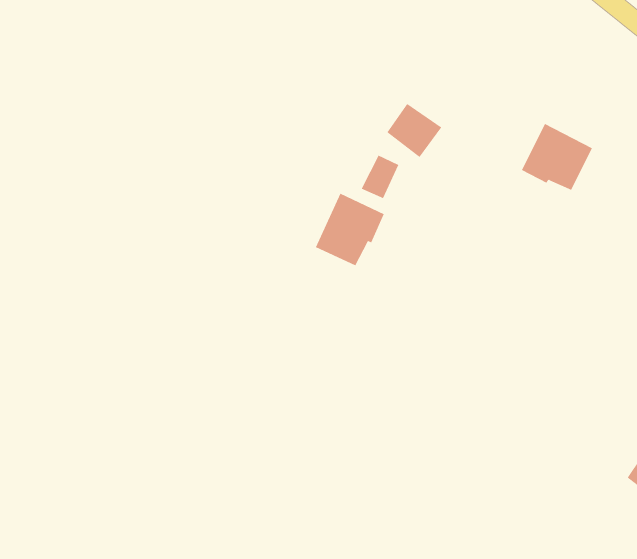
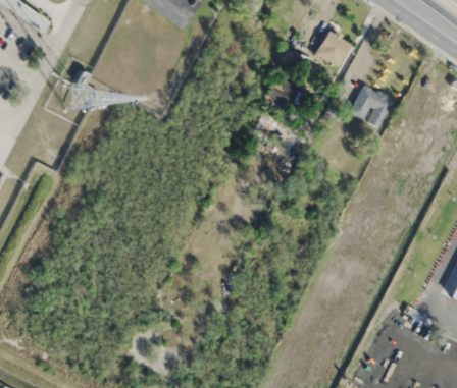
building: none -> [315,29,352,67]
building: [315,193,385,266] -> none

